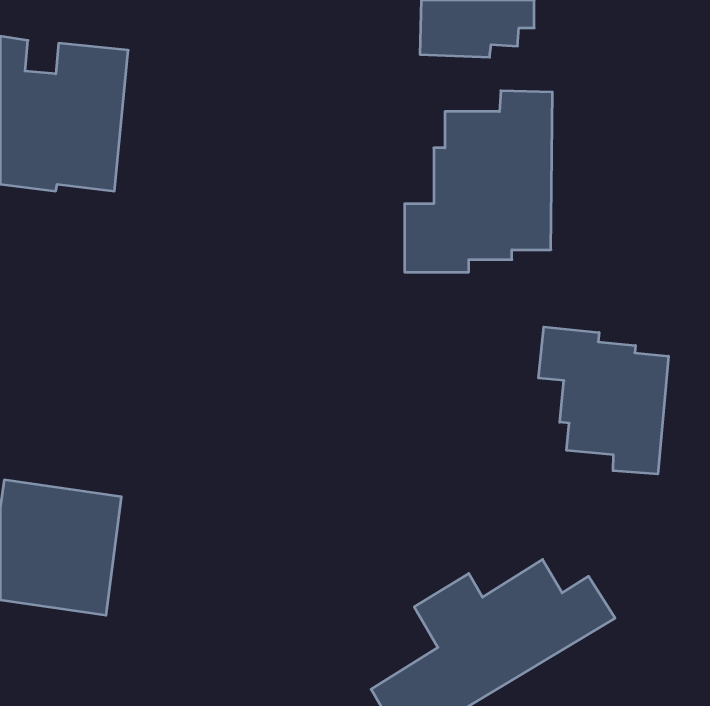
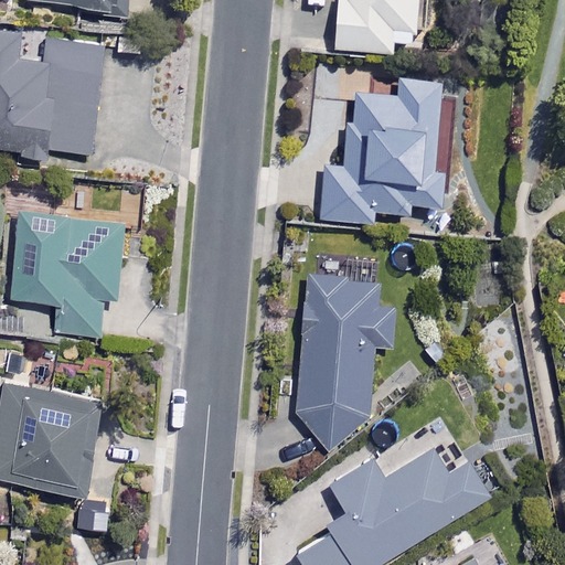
building: none -> [13,213,121,338]
building: [539,327,668,474] -> none
building: none -> [296,277,392,450]

